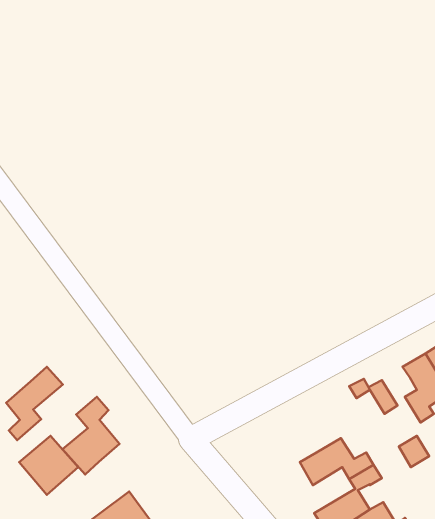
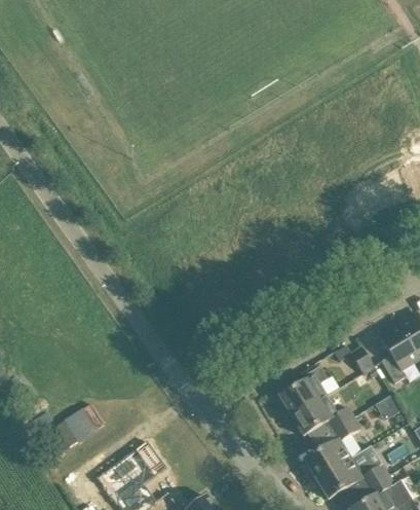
building: [6,367,63,440] -> none
building: [62,397,120,474] -> none
building: none -> [279,367,328,417]

